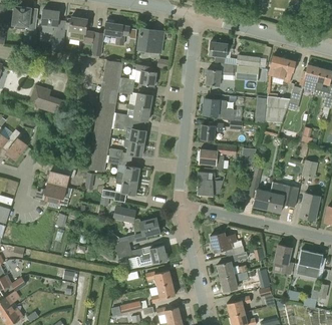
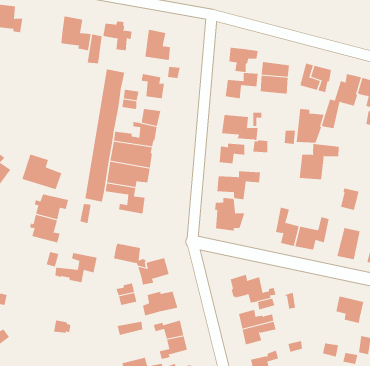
building: [41,9,66,51] -> none
building: [28,84,62,114] -> [21,154,62,190]
building: none -> [299,143,339,180]
building: [101,178,137,203] -> [54,253,98,283]
building: [273,245,293,275] -> none

